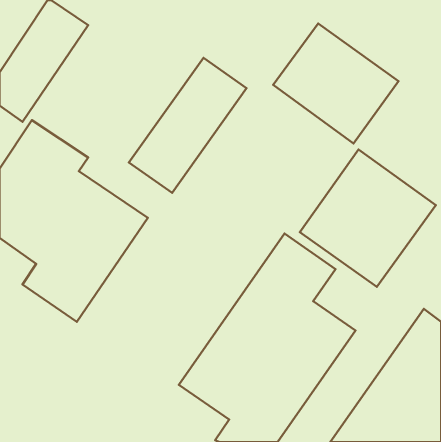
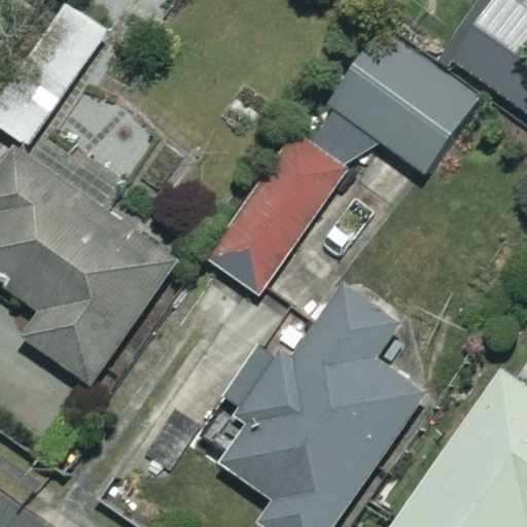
building: [129,58,247,193] -> [210,137,350,297]
building: [300,150,436,287] -> none

